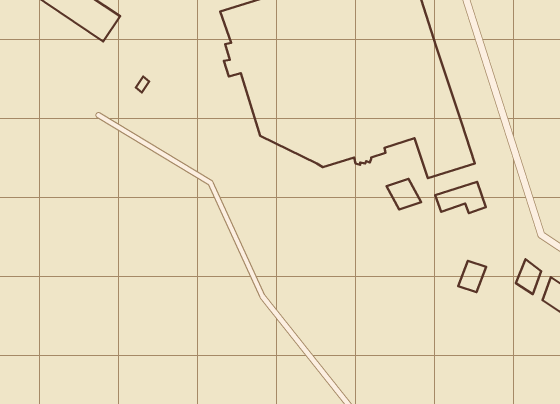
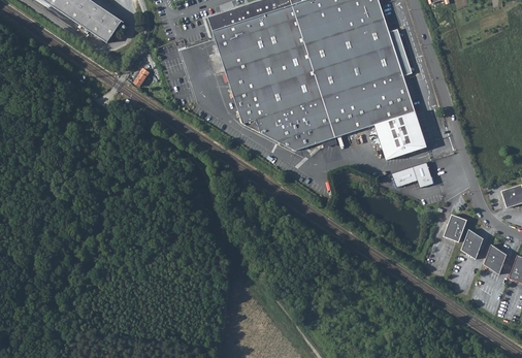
building: [386,179,421,209] -> none
building: [458,261,486,292] -> [443,214,466,240]

